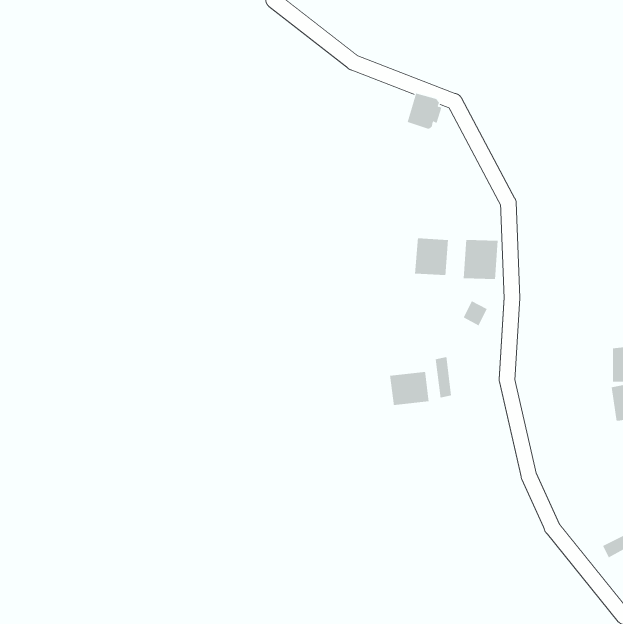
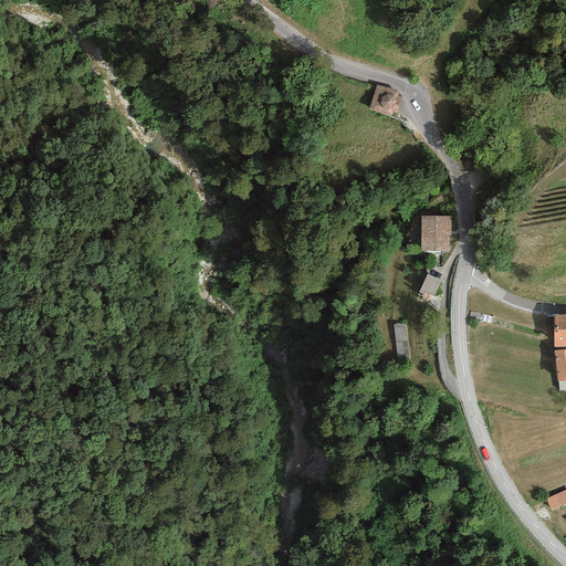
building: [414,238,449,276] -> none
building: [390,371,429,406] -> none

